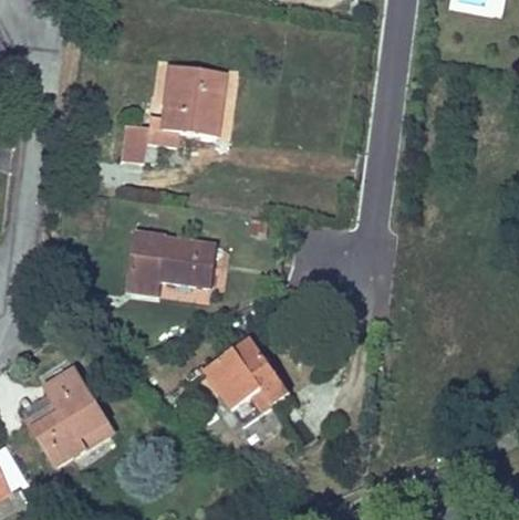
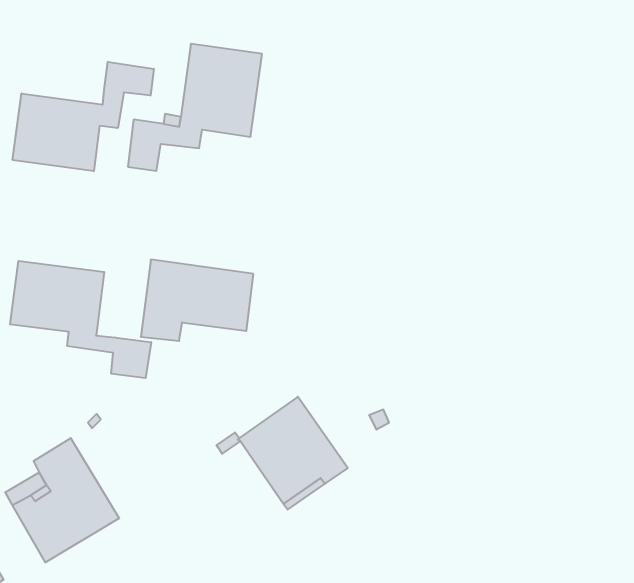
building: none -> [13,62,154,171]
building: none -> [10,261,151,378]

